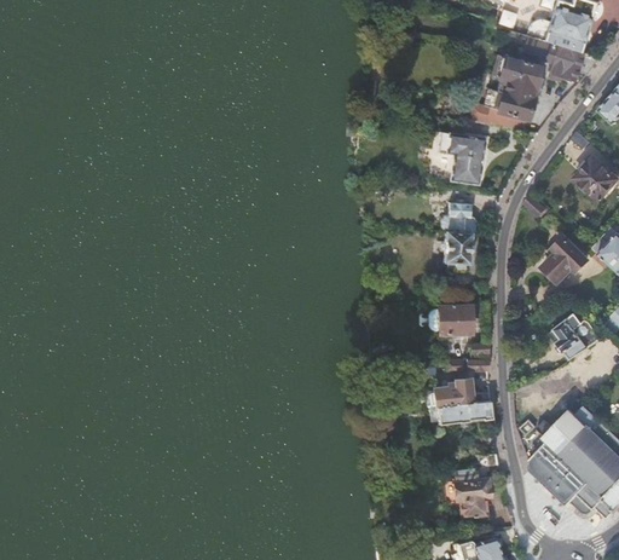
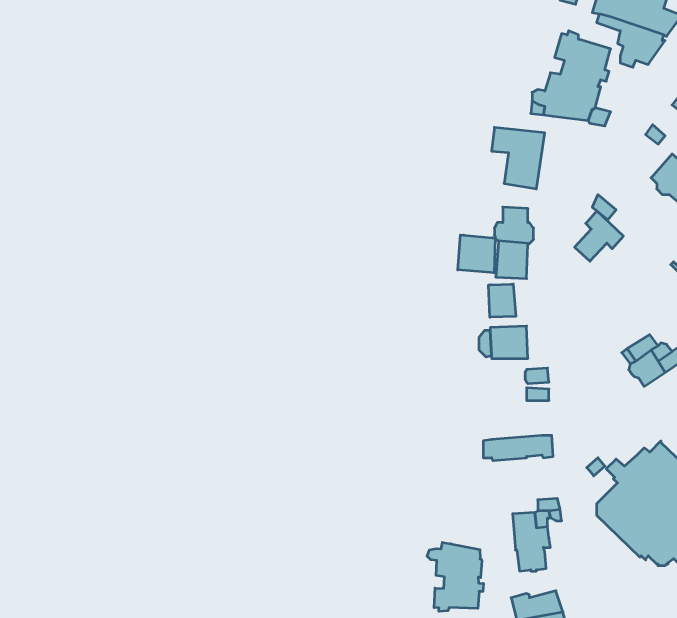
building: none -> [458,235,495,273]
building: [549,235,591,278] -> [575,211,623,261]
building: none -> [489,284,516,317]
building: [438,380,484,404] -> none
building: none -> [427,542,483,611]

